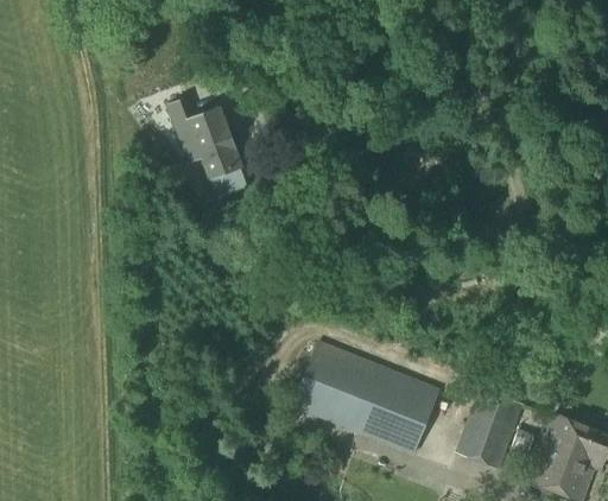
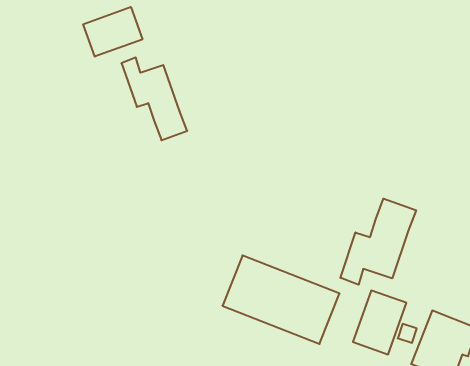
building: none -> [83,7,142,57]
building: none -> [340,199,416,285]

